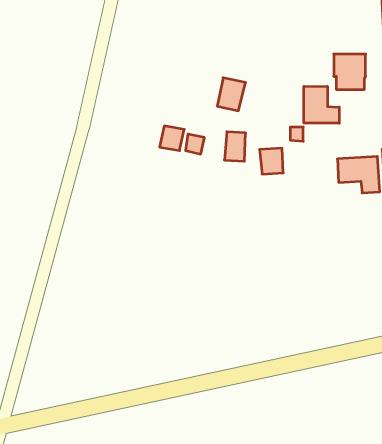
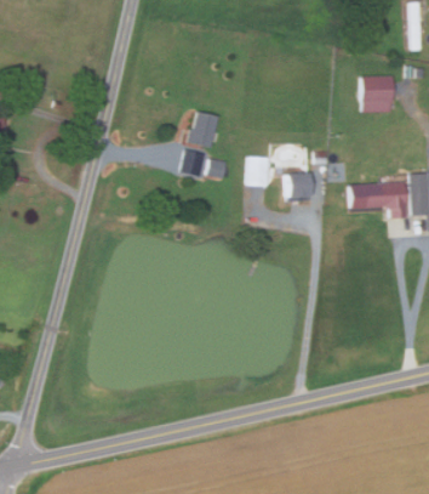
building: [217,78,246,111] -> [189,112,218,146]
building: [304,86,339,123] -> none

